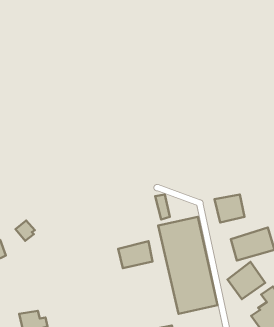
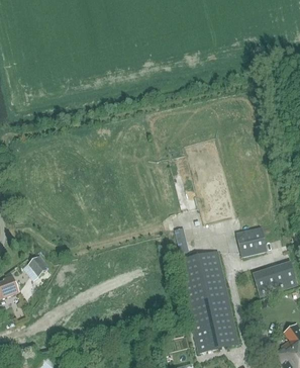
building: [118,241,153,268] -> none
building: [227,262,265,299] -> none

